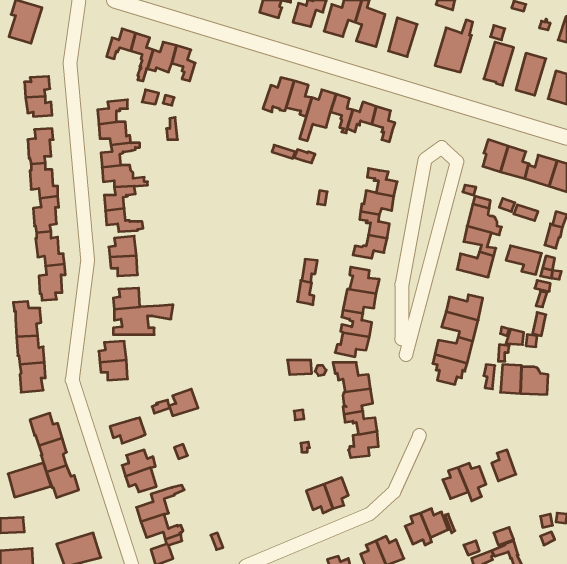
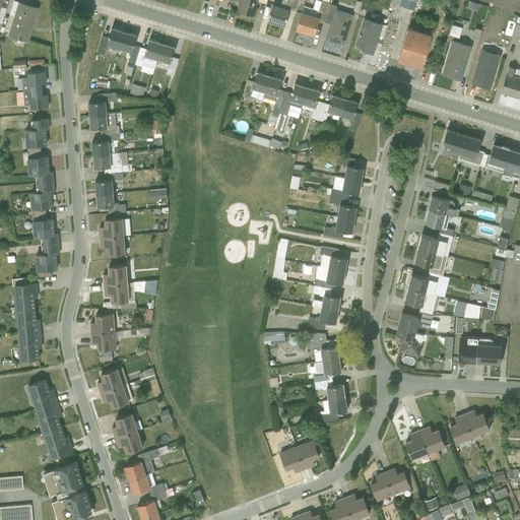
building: [506,246,542,274] -> [414,249,447,275]
building: [169,389,198,416] -> [98,369,124,393]
building: none -> [464,410,490,441]
building: [8,463,51,497] -> [44,463,83,495]

